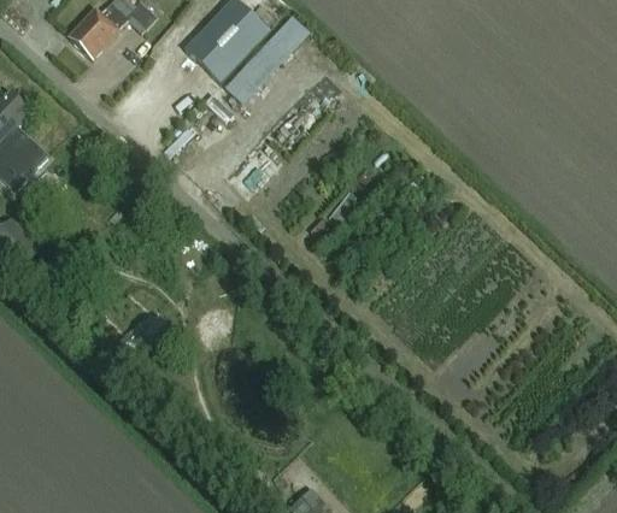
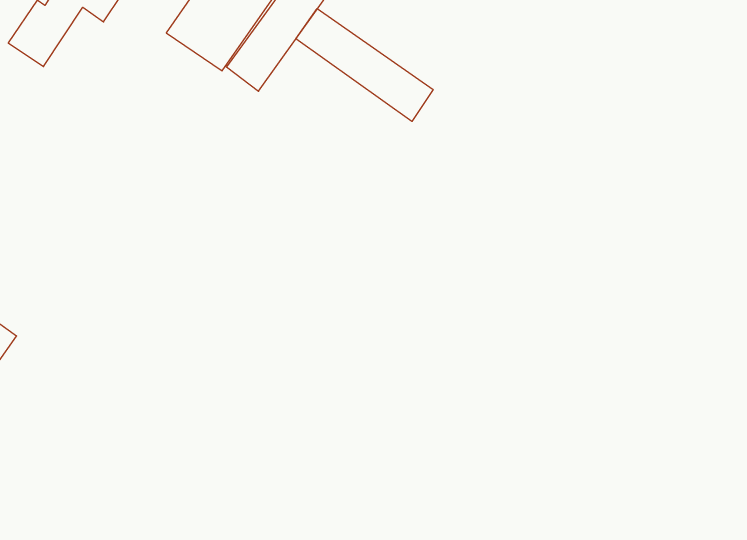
building: none -> [296,9,433,121]

